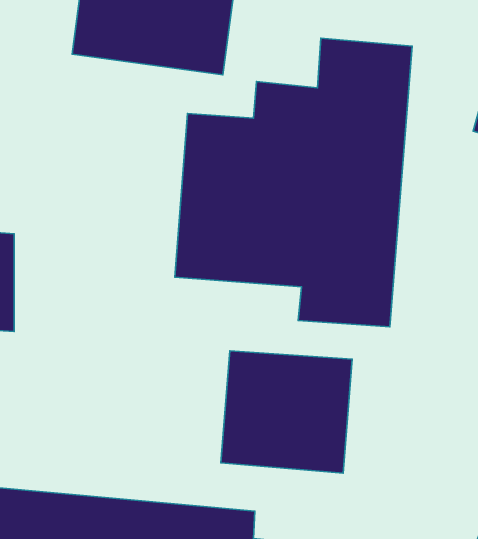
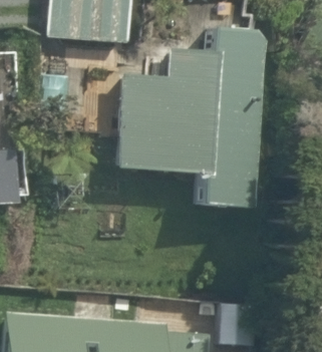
building: [221,351,352,473] -> none

